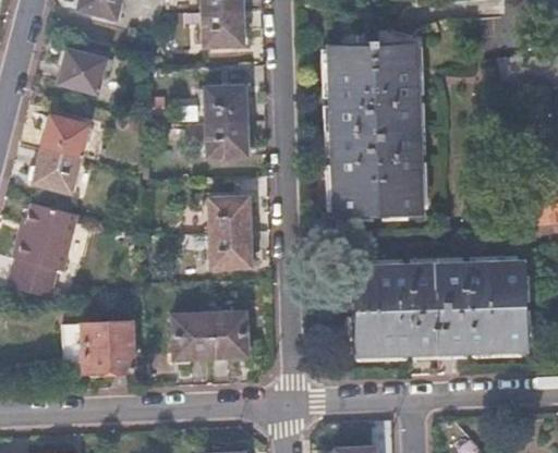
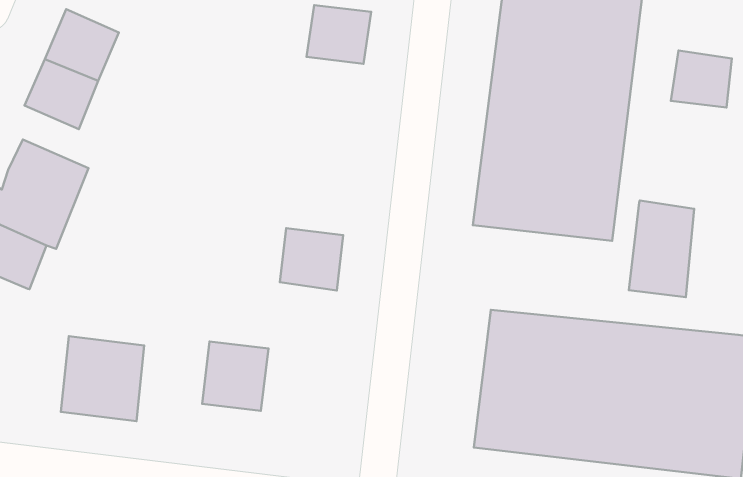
building: none -> [671,51,732,108]
building: [209,122,247,158] -> none
building: none -> [629,200,694,297]
building: [211,200,250,234] -> none
building: [213,311,248,353] -> none

